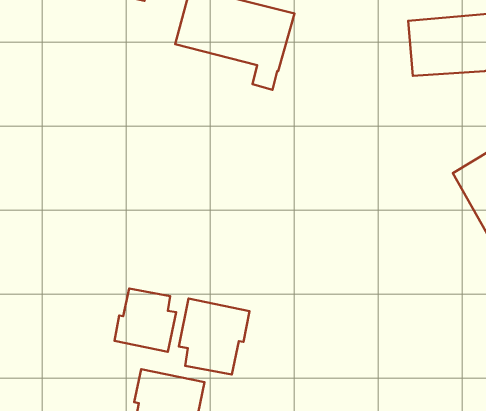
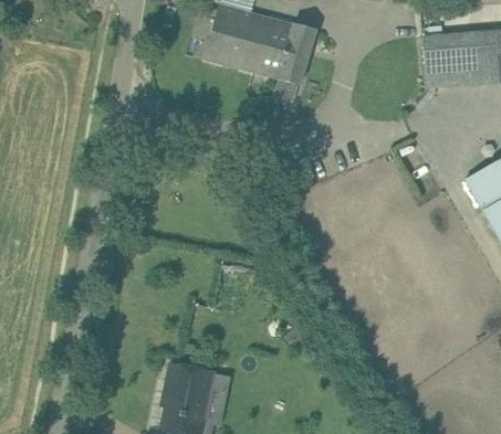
building: [114,288,176,352] -> none
building: [179,299,250,375] -> none

